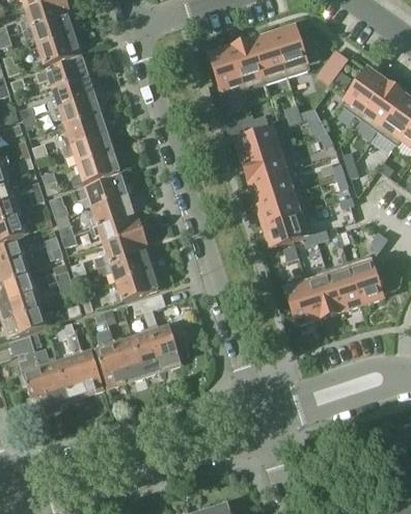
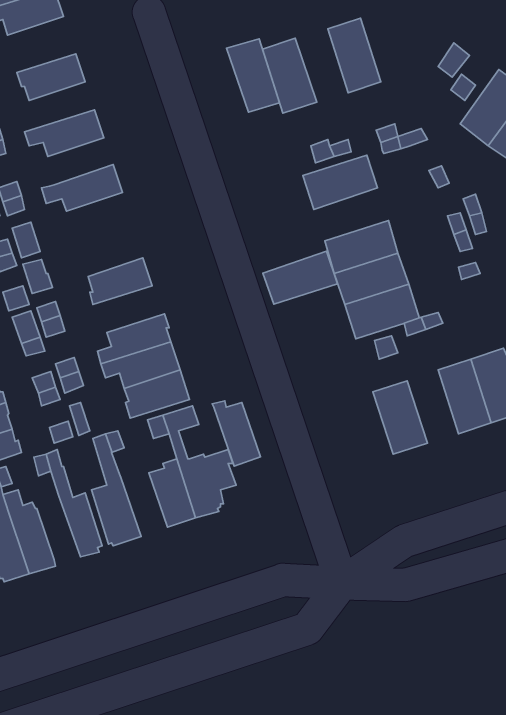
building: [274,27,309,77] -> none
building: [38,33,82,65] -> none
building: [230,42,266,90] -> [227,39,279,112]
building: [47,77,97,110] -> none
building: [63,114,109,146] -> none
building: [243,147,293,183] -> [263,251,338,304]
building: [78,151,121,184] -> none
building: [75,175,129,207] -> none
building: [95,213,143,244] -> none
building: [305,269,339,318] -> none
building: [113,336,145,380] -> [212,401,260,466]
building: [58,353,87,400] -> none

